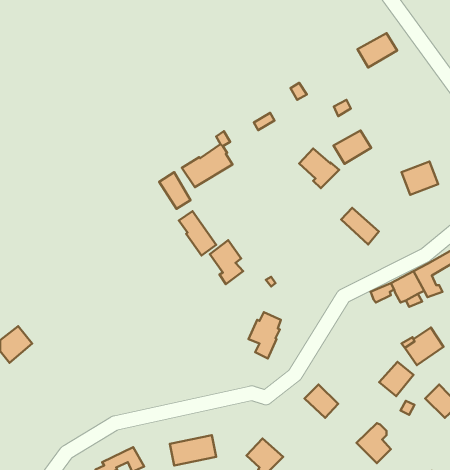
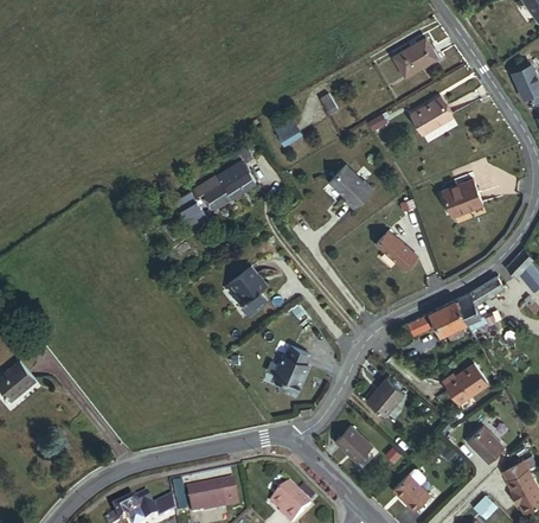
building: [334,130,371,164] -> [410,97,451,134]
building: [179,211,216,256] -> none
building: [379,362,414,396] -> [366,378,404,416]

